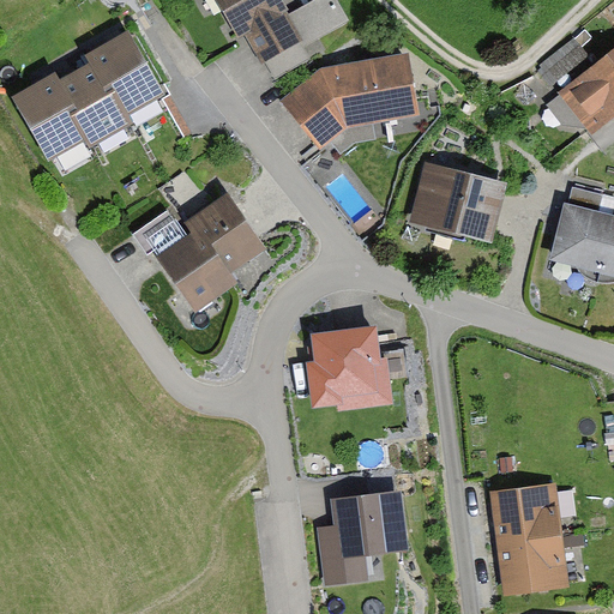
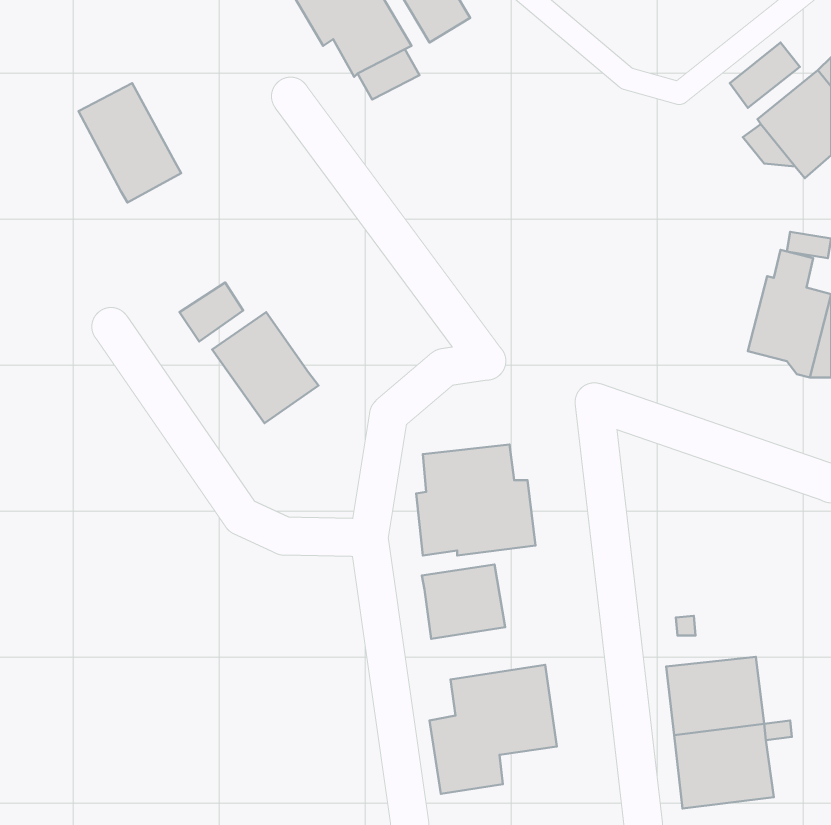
building: [91,30,168,119] -> none
building: [281,55,420,151] -> none
building: [13,74,89,162] -> none
building: [407,162,508,243] -> none
building: [187,191,265,273] -> none
building: none -> [422,565,505,639]

